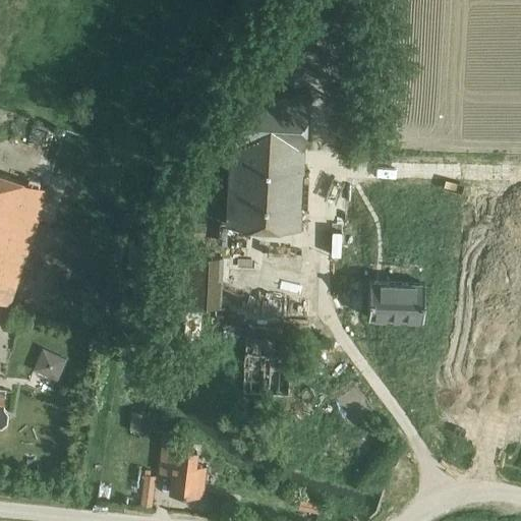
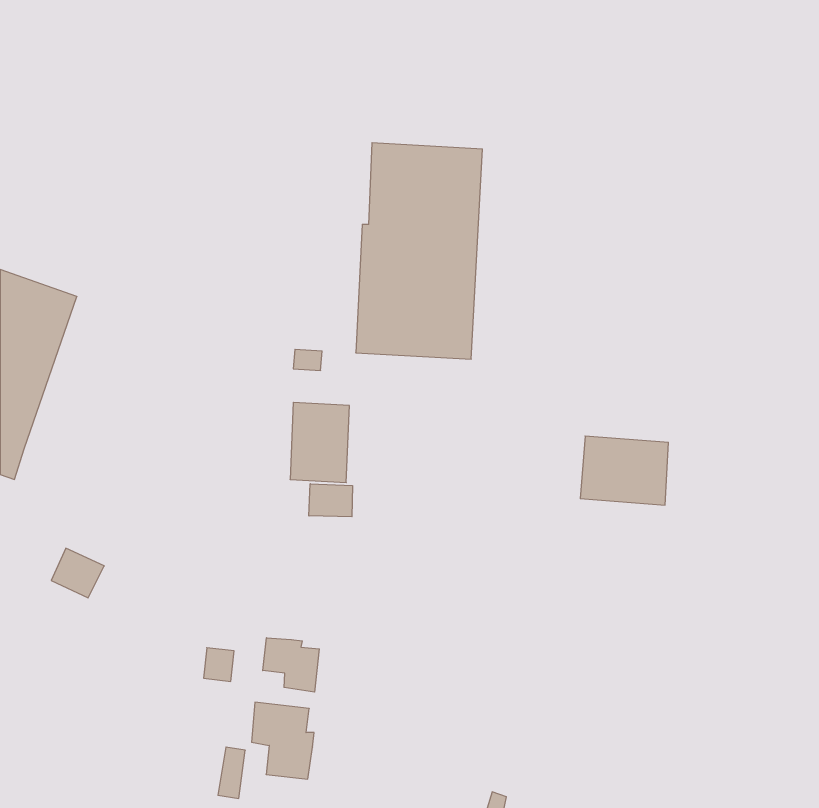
building: none -> [309,484,352,517]
building: none -> [263,638,319,692]

